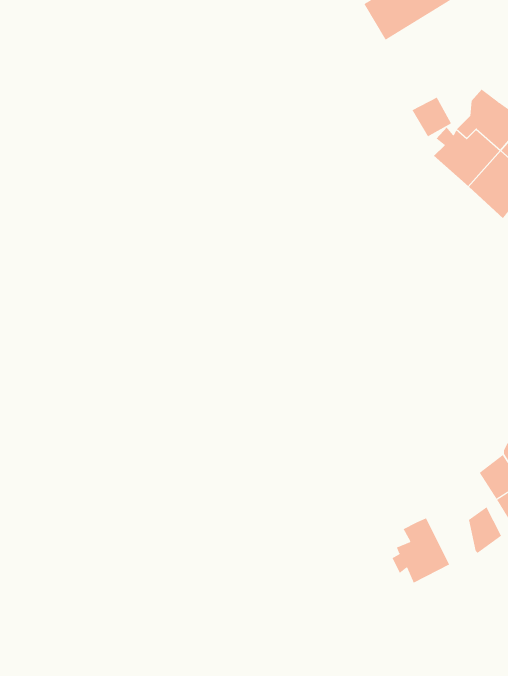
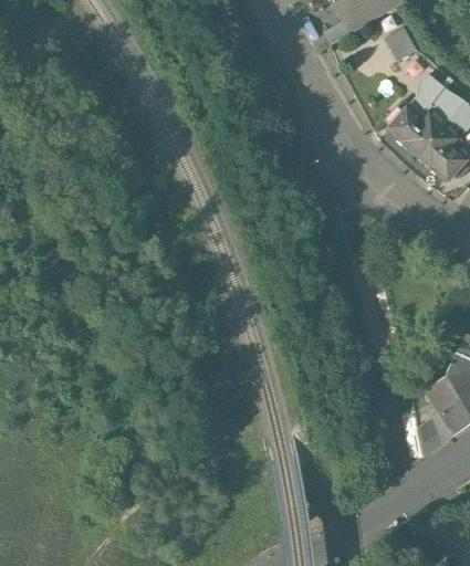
building: [412,97,452,137] -> [383,28,416,61]
building: [392,517,450,584] -> none

